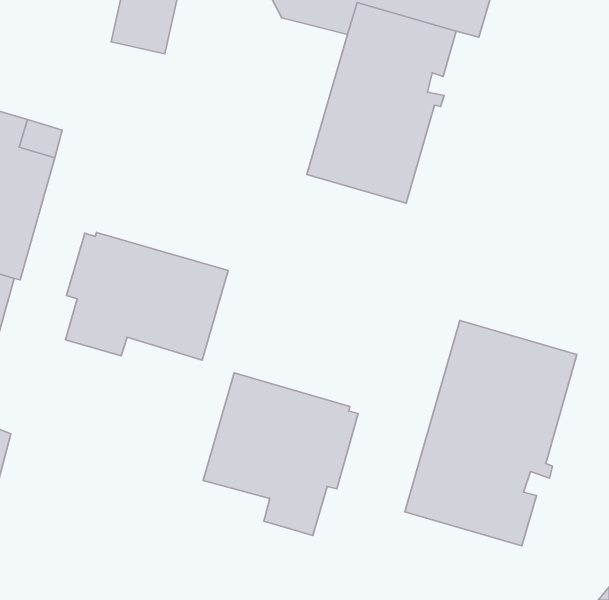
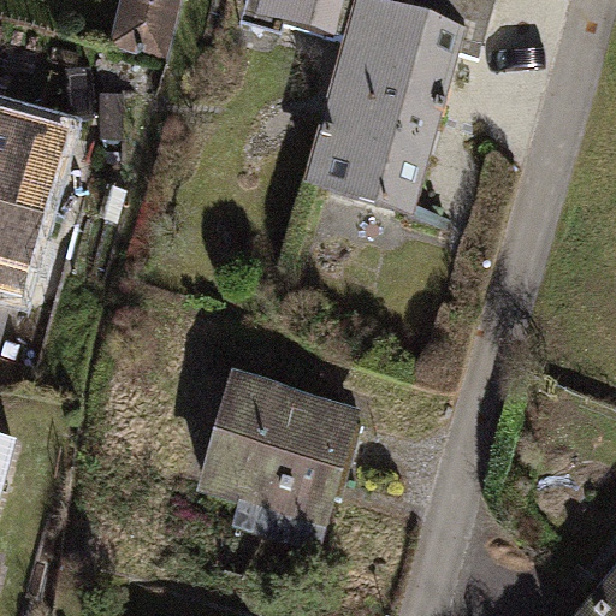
building: [65,233,228,360] -> none
building: [405,320,577,546] -> none

